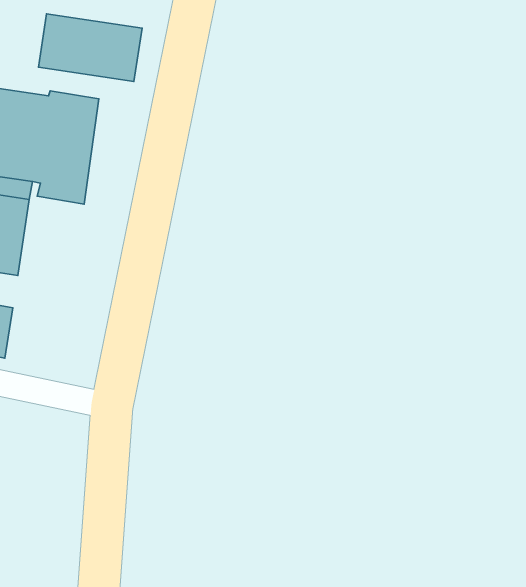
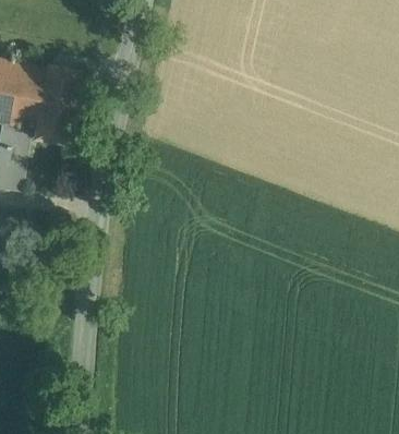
building: [39,14,142,82] -> none

